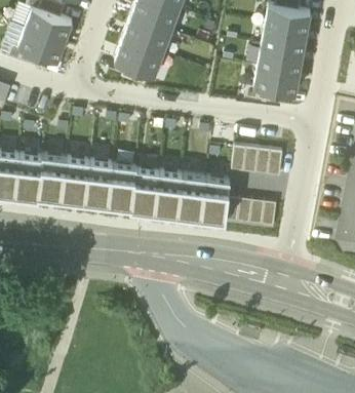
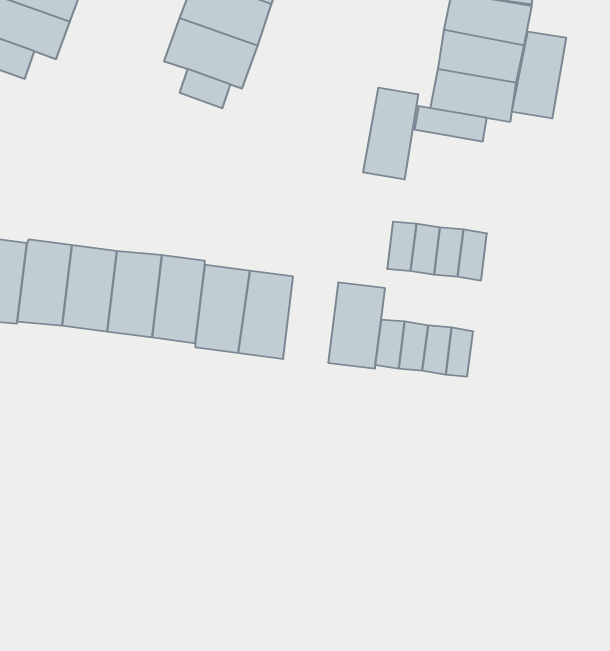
building: none -> [512,31,566,119]
building: none -> [363,88,418,180]
building: [178,173,206,219] -> none

